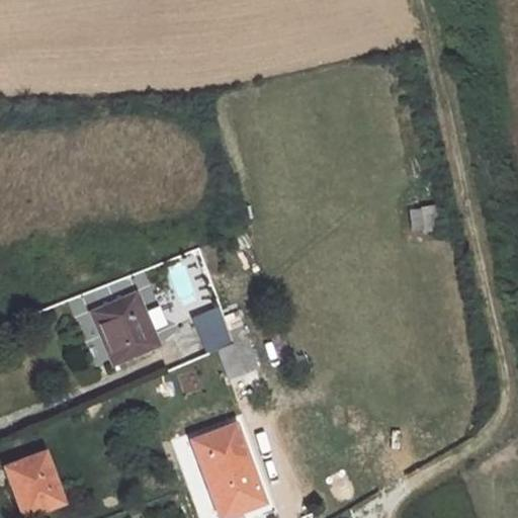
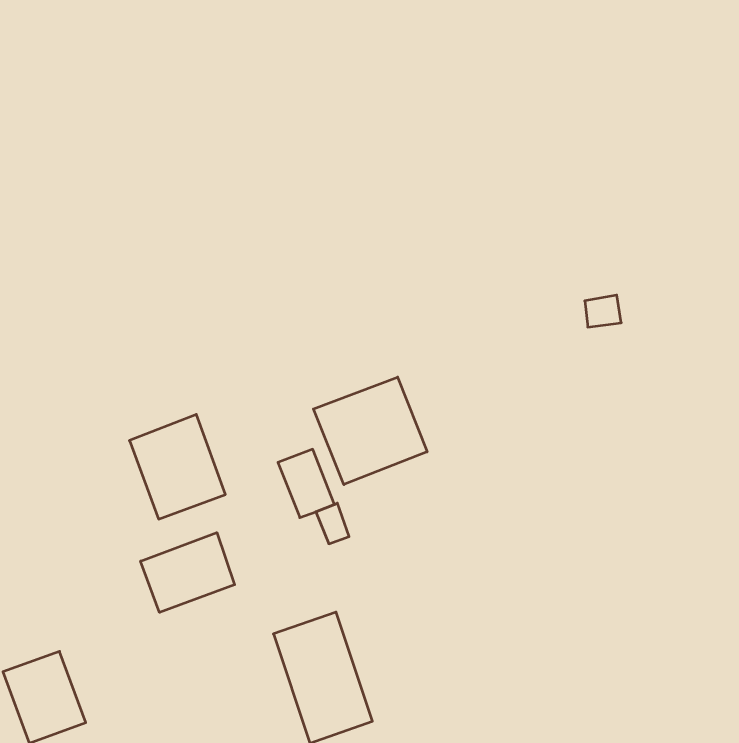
building: none -> [313,377,427,485]
building: none -> [141,533,235,612]

